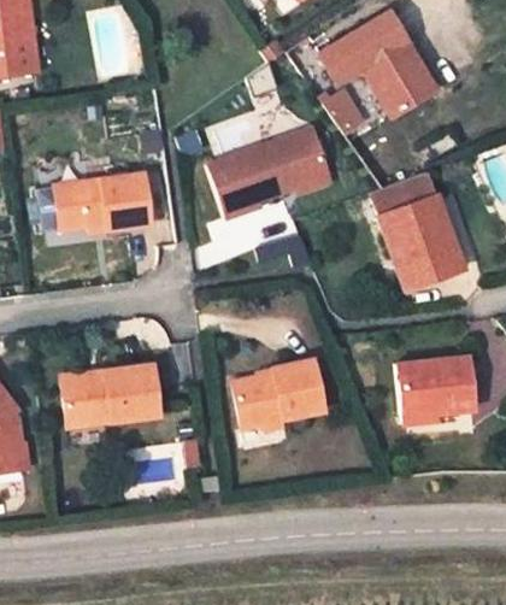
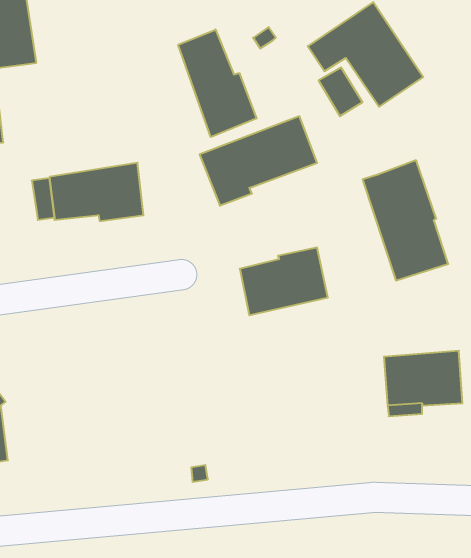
building: none -> [178,29,257,137]
building: [235,359,324,428] -> [240,247,328,315]
building: [60,368,154,430] -> none

